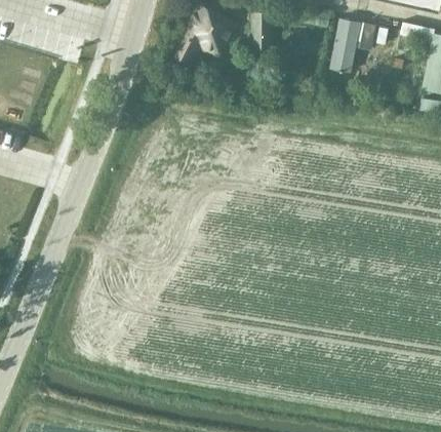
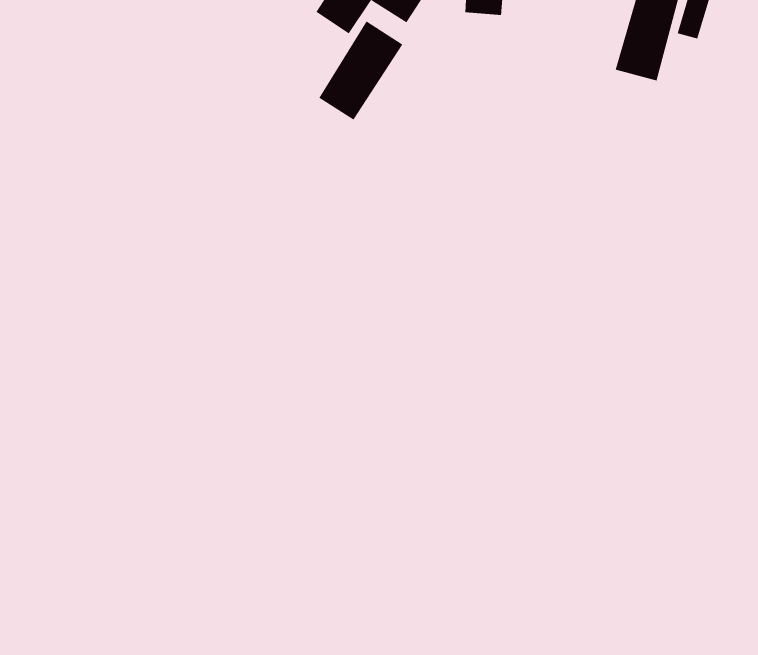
building: none -> [318,21,403,120]

